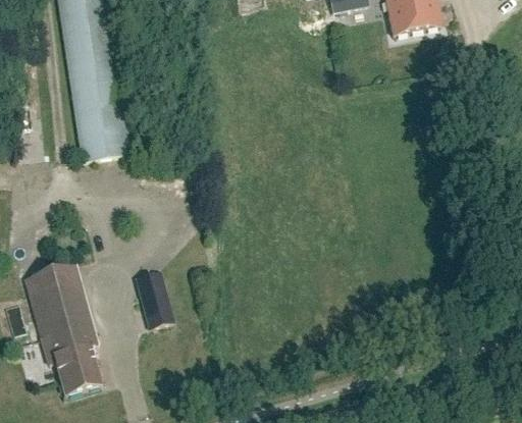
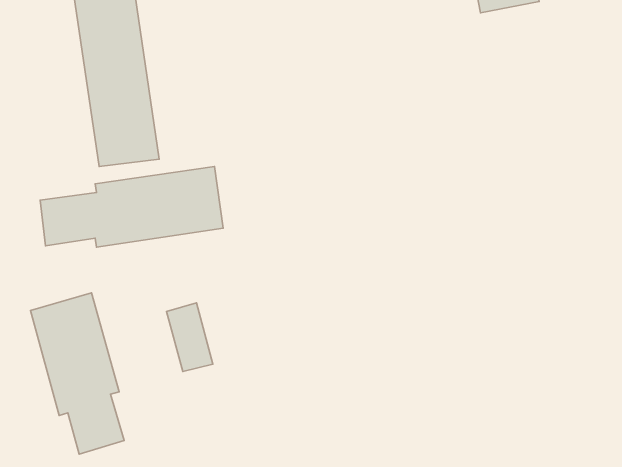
building: none -> [40,166,223,247]

